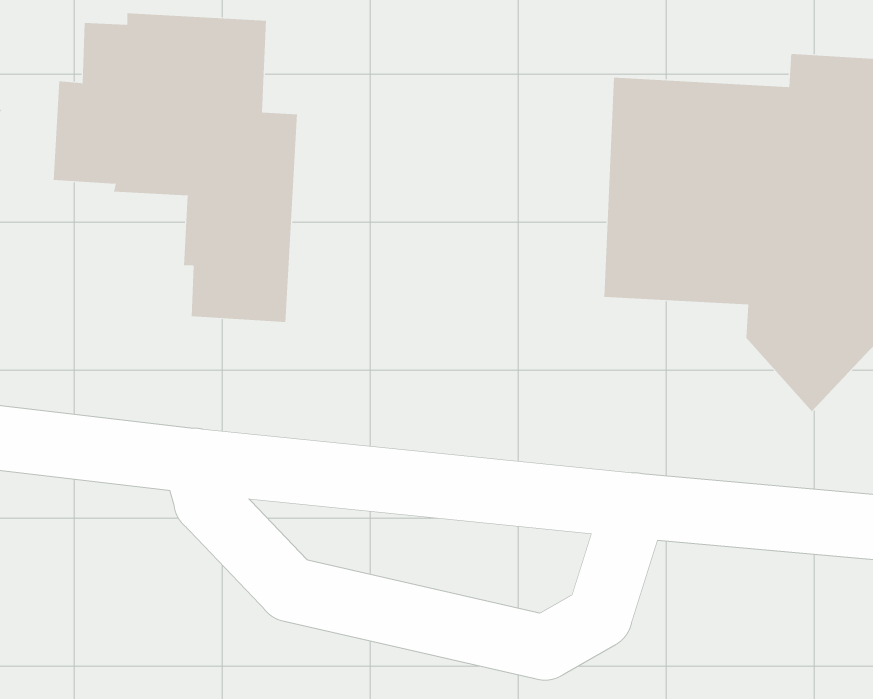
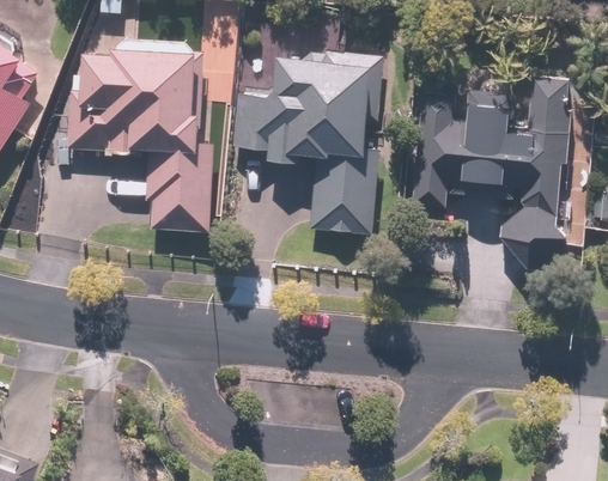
building: none -> [238,55,387,237]

